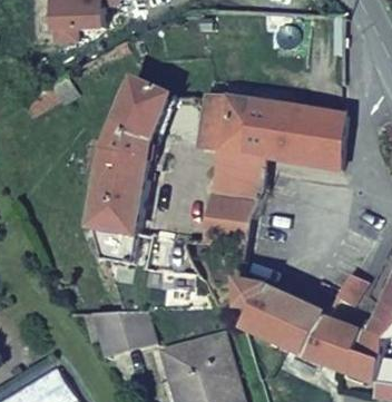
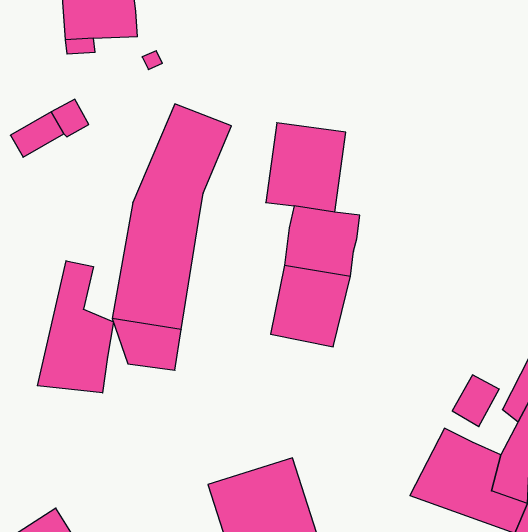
building: [248,99,340,168] -> none
building: none -> [37,261,113,393]
building: [241,278,326,357] -> none
building: [91,310,156,360] -> none

